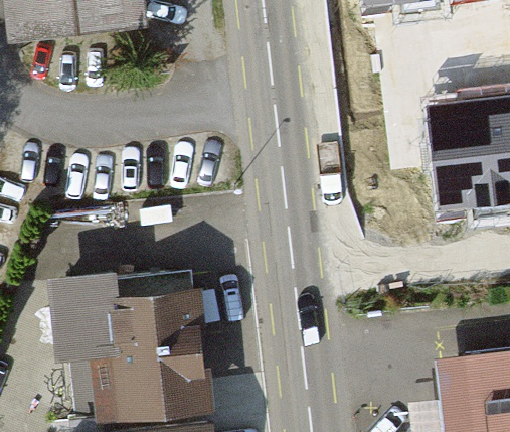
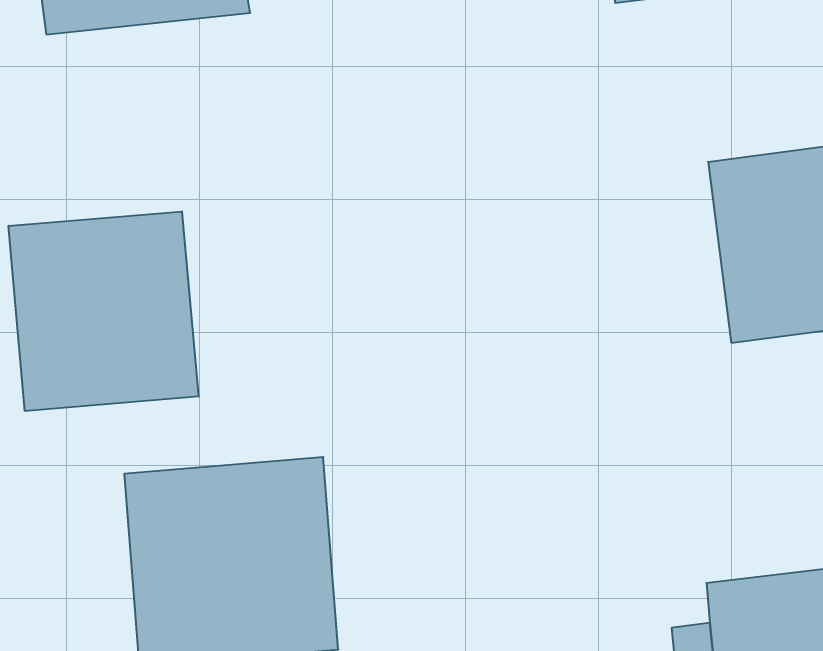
building: none -> [9,211,198,411]

